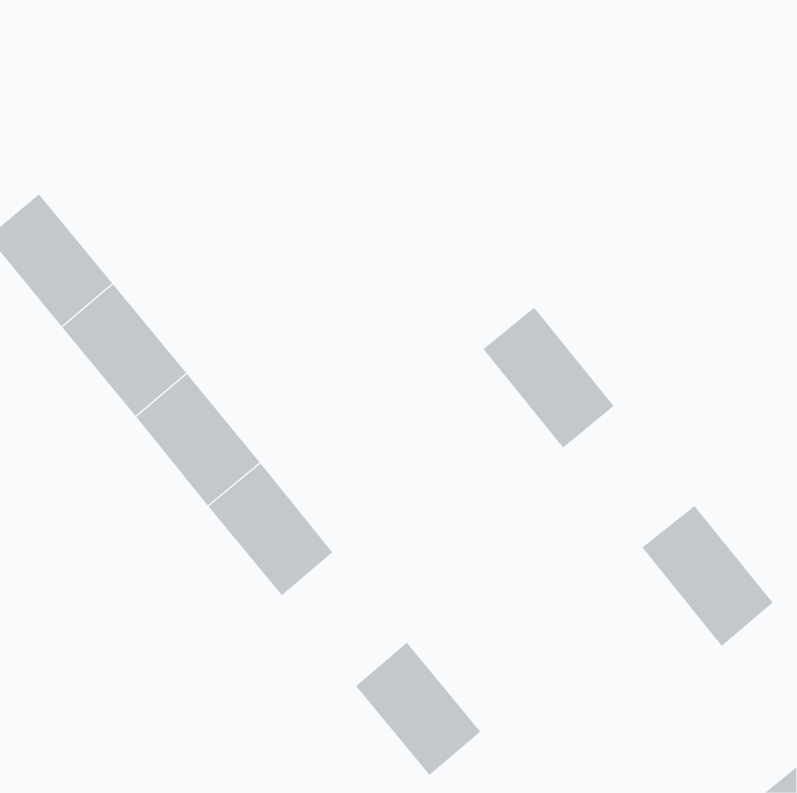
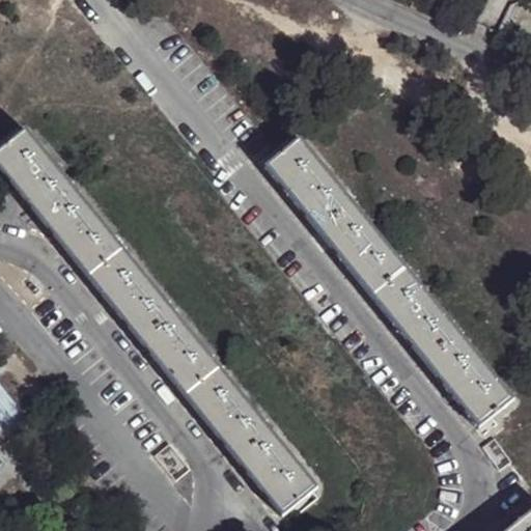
building: none -> [266,138,353,230]
building: none -> [371,268,458,361]
building: none -> [186,364,269,452]

